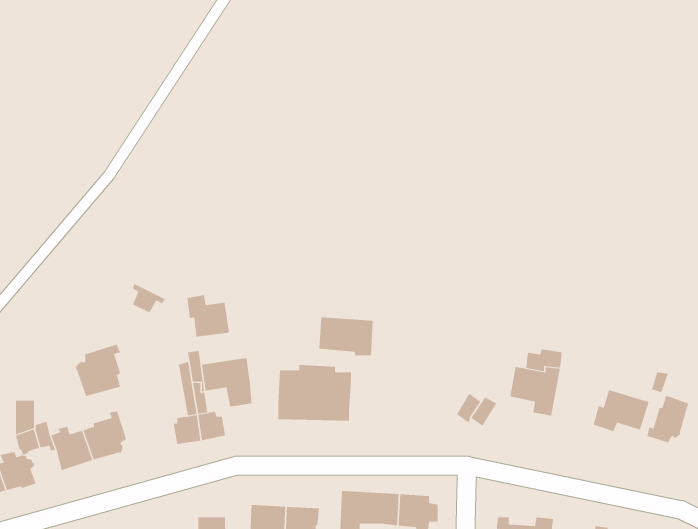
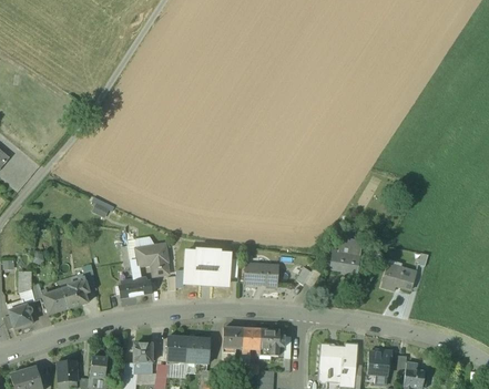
building: [187,295,229,338] -> none
building: [319,317,374,356] -> [244,263,278,287]
building: [75,344,121,397] -> none
building: [647,395,689,443] -> none

